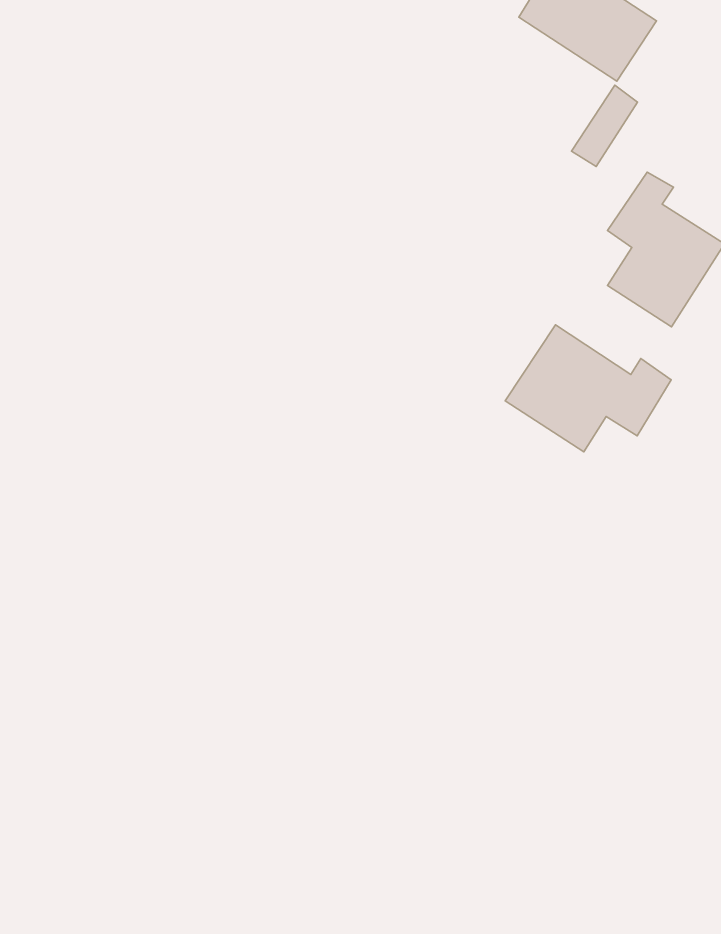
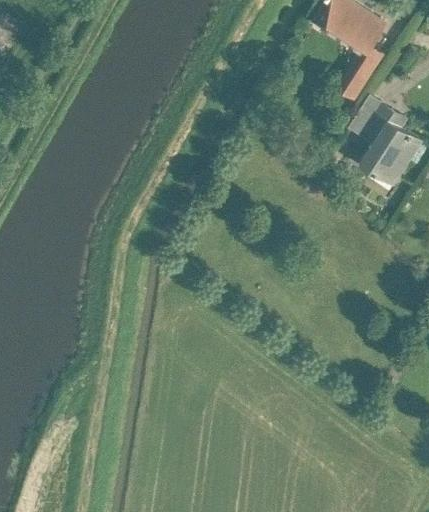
building: [505,325,671,452] -> none

